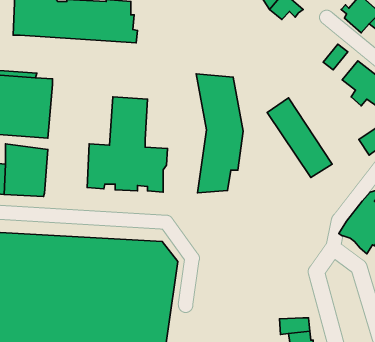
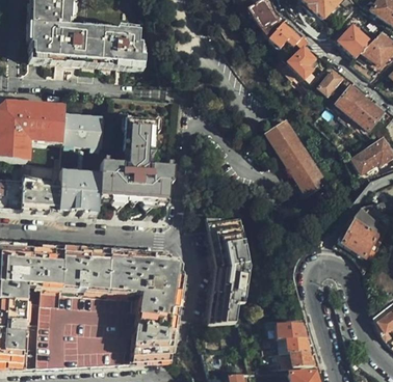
building: none -> [286,34,316,78]
building: [196,74,243,193] -> [205,215,248,325]
building: none -> [58,108,104,211]

